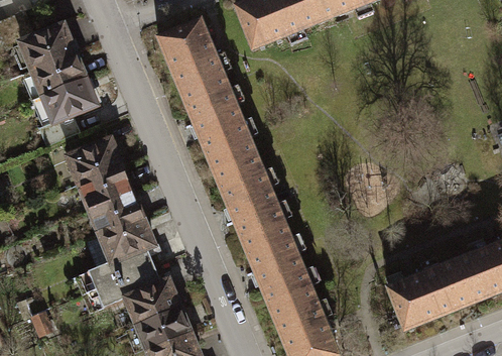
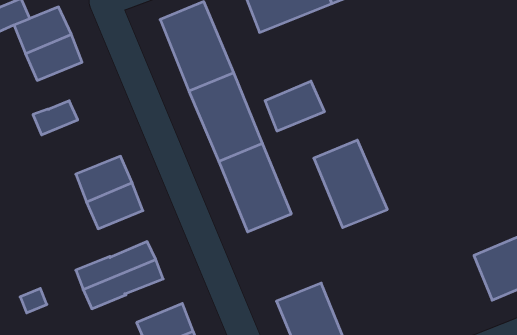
building: [42,76,96,120] -> none
building: none -> [265,81,324,131]
building: [68,137,121,182] -> none
building: [100,216,153,260] -> none
building: [241,219,310,302] -> [314,140,387,228]
building: [387,258,472,328] -> none
building: [125,277,179,322] -> none

